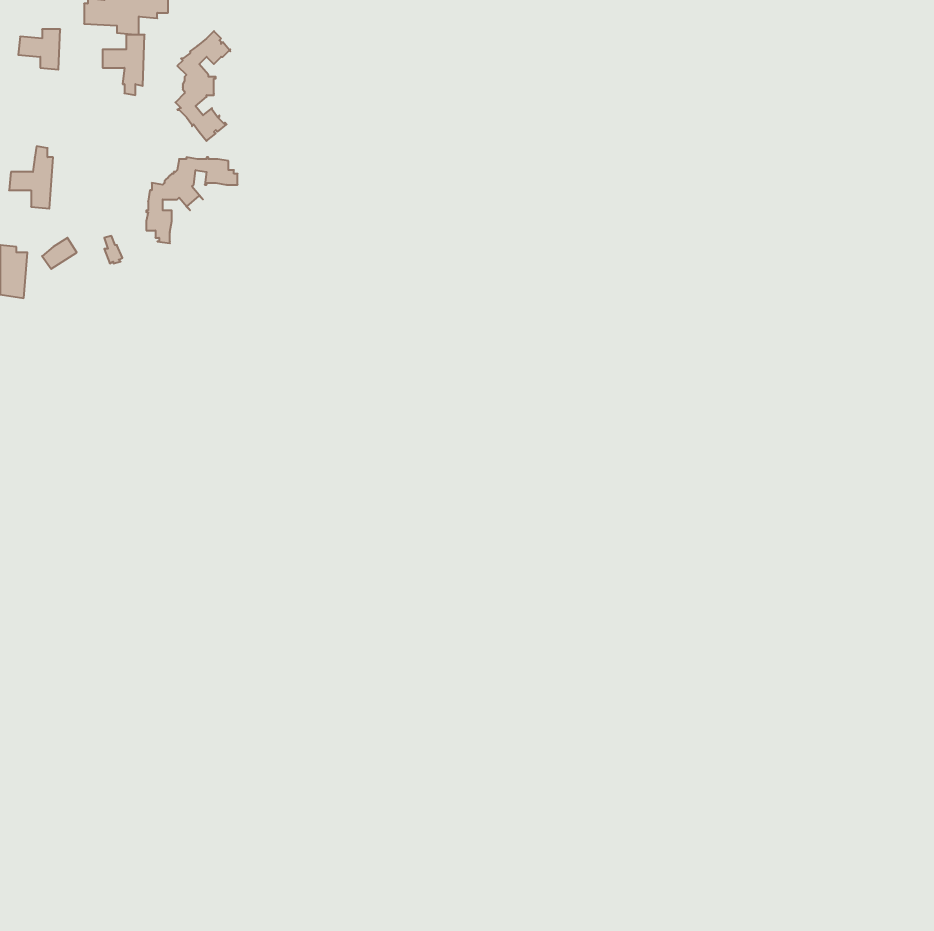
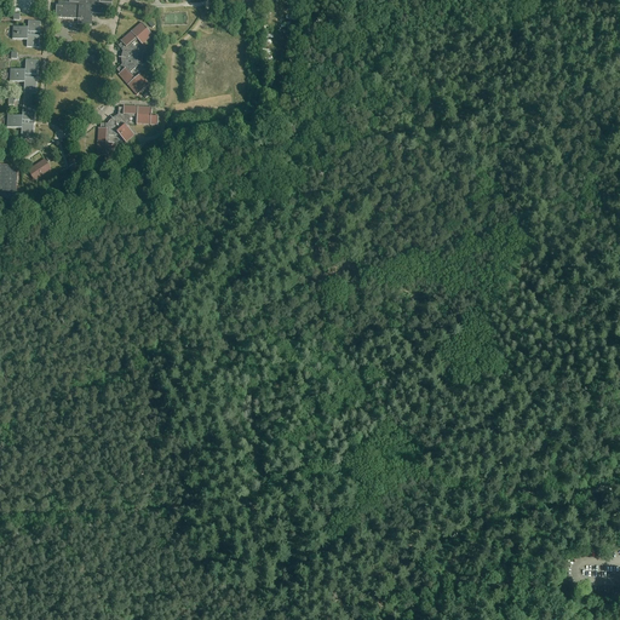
building: [103,35,145,95] -> [10,58,38,98]

